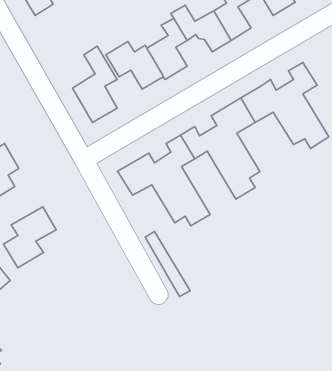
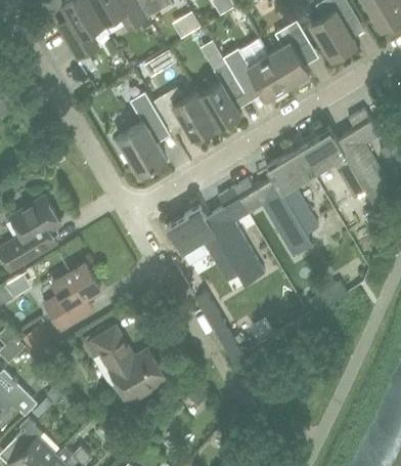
building: none -> [86,327,167,401]

